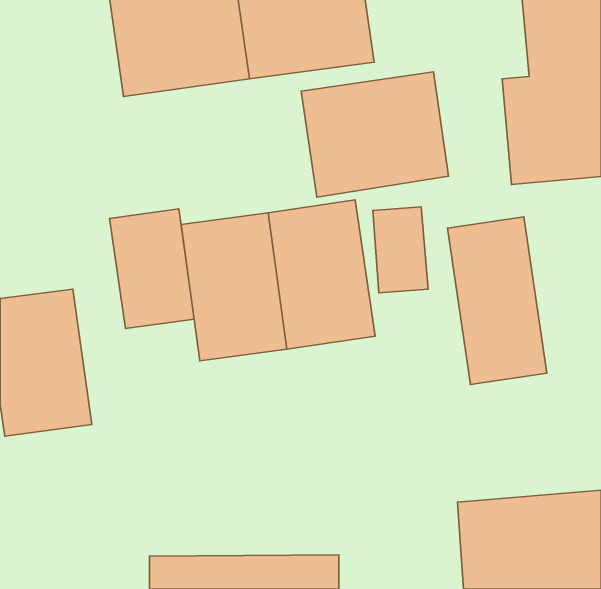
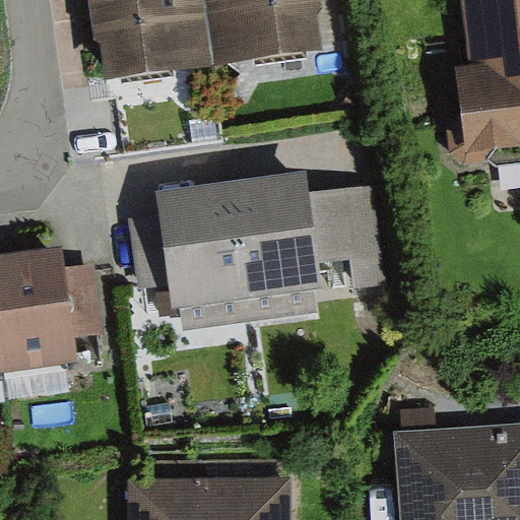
building: [301,72,449,197] -> none
building: [109,209,194,328] -> none
building: [448,217,547,384] -> none

